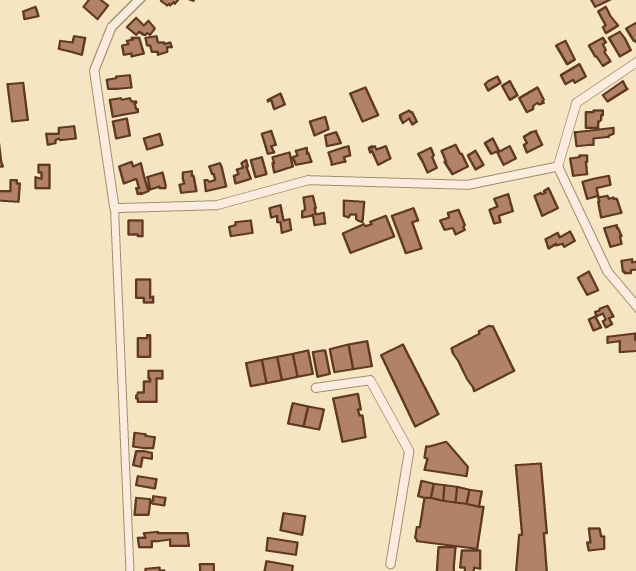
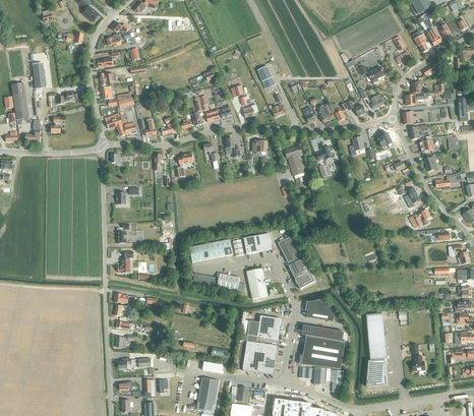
building: [343,216,394,253] -> none
building: [451,326,514,391] -> none
building: none -> [241,314,280,373]

